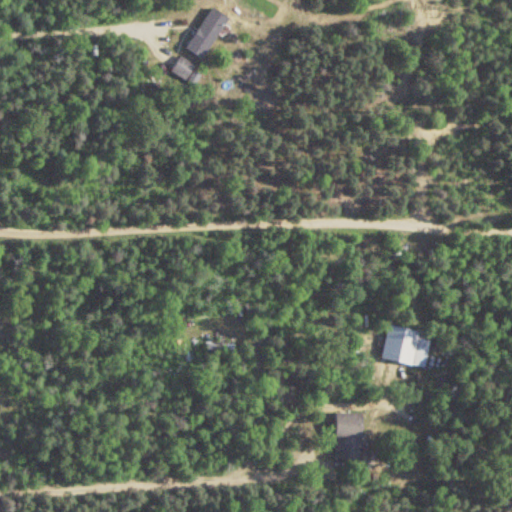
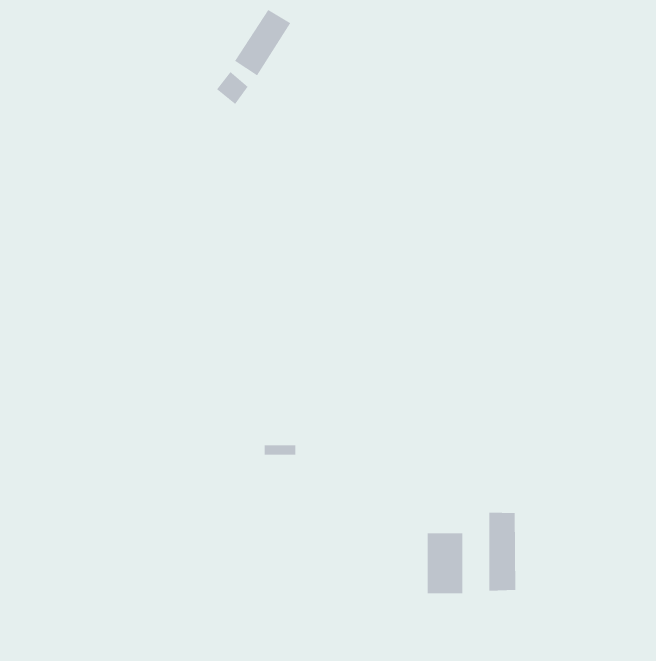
building: [388,326,420,365] -> none
building: none -> [489,512,516,591]

